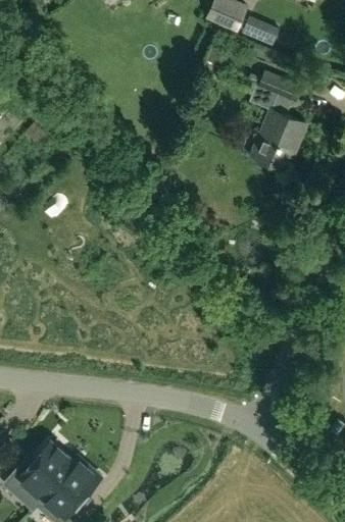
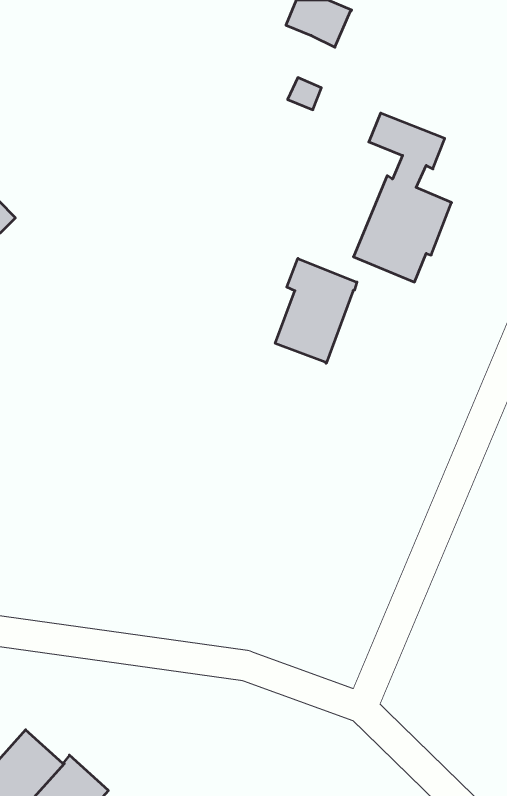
building: [241,16,279,45] -> none
building: none -> [275,258,357,363]

